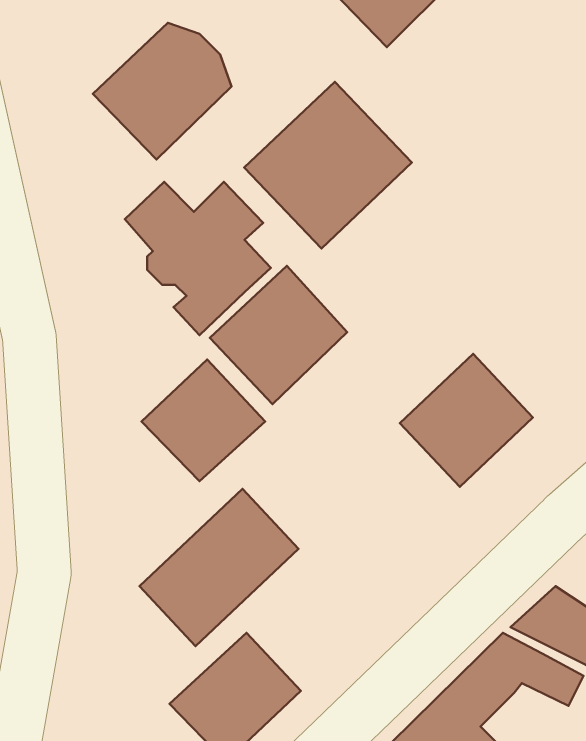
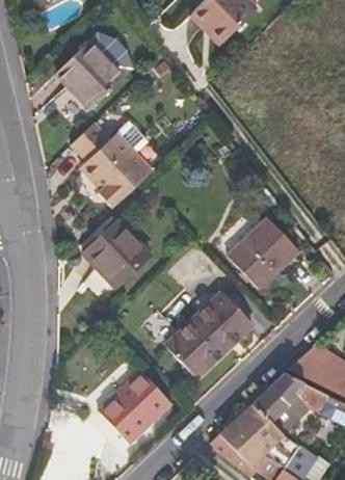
building: [244,82,412,248] -> none
building: [210,266,347,404] -> none
building: [139,489,299,646] -> [165,291,254,378]

